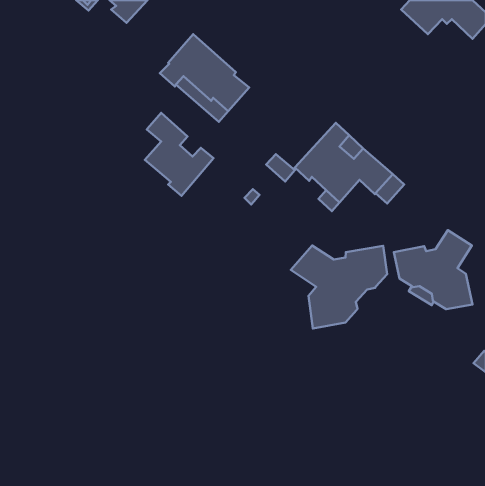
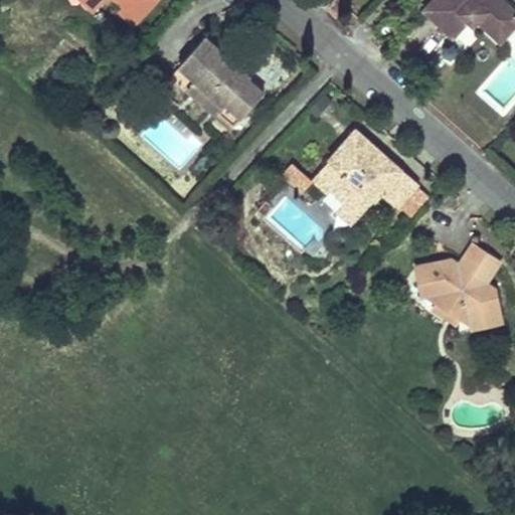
building: [145,113,213,196] -> none
building: [291,246,387,328] -> none

